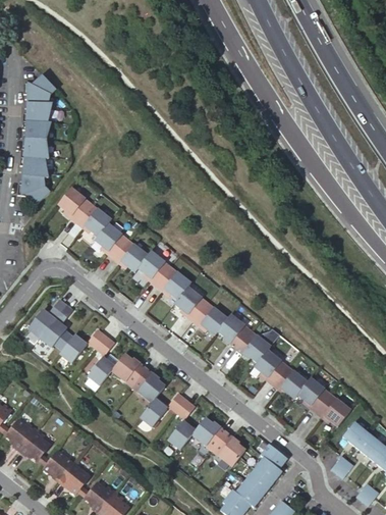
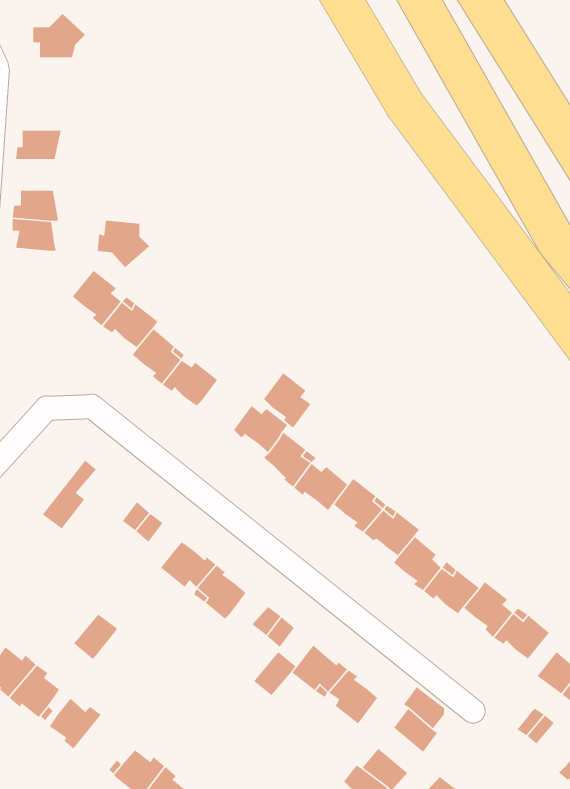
building: [23,74,56,102] -> [33,13,86,58]
building: [23,120,52,139] -> none
building: [18,174,51,204] -> [97,220,150,268]
building: [139,251,168,286] -> [263,372,311,429]
building: [27,299,66,338] -> none
building: [60,334,87,363] -> none
building: [88,357,115,385] -> [73,614,118,660]
building: [141,398,167,426] -> none
building: [59,460,91,494] -> none
building: [245,468,273,496] -> none

